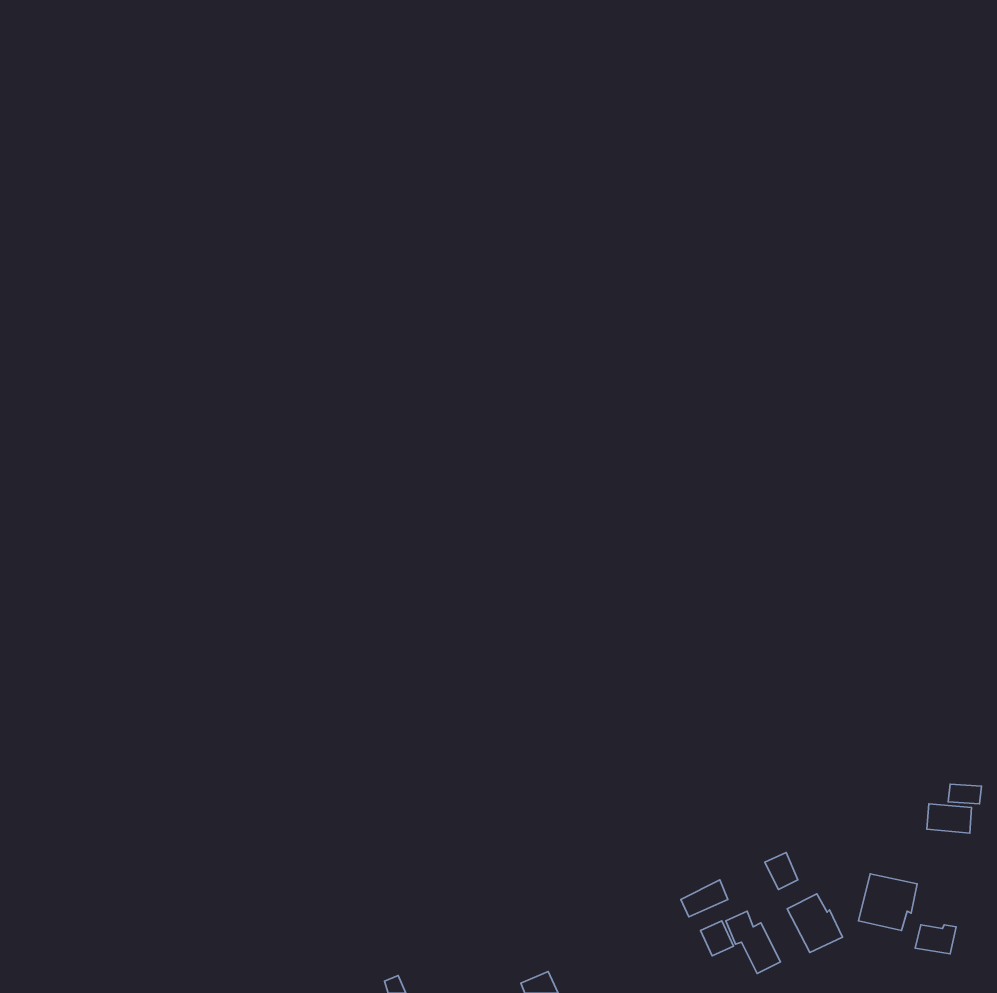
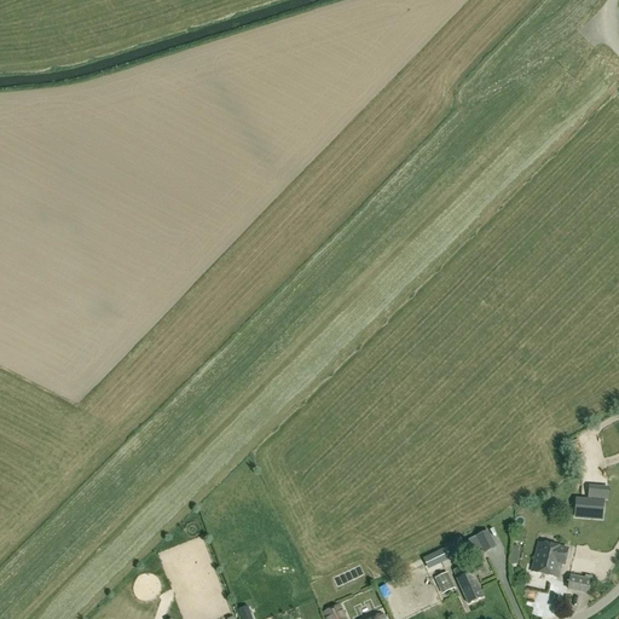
building: [787,894,843,953] -> none

